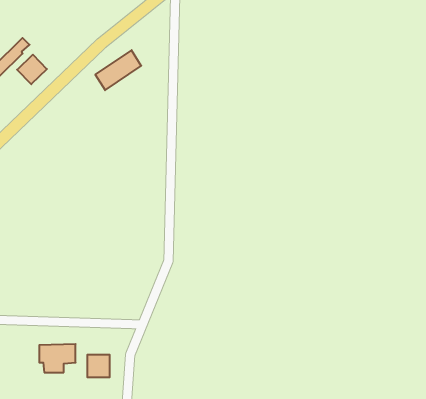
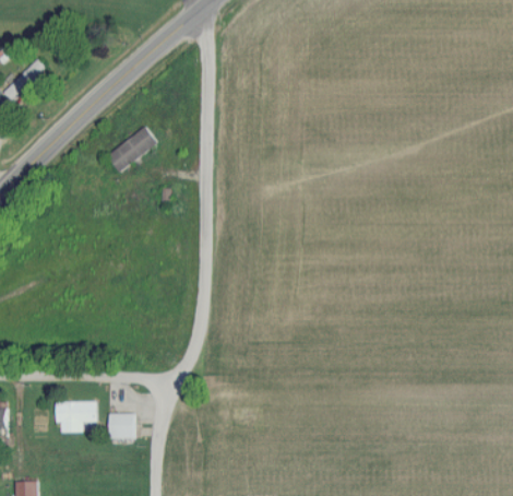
building: [95,50,141,90] -> [106,127,157,172]
building: [17,55,47,84] -> none

